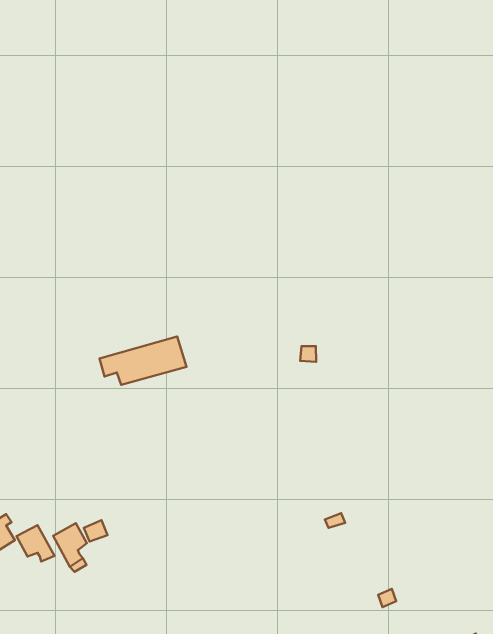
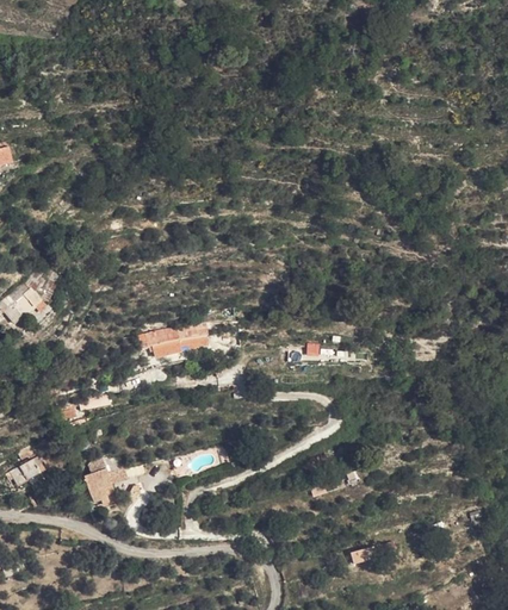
building: [17,525,55,561] -> none

